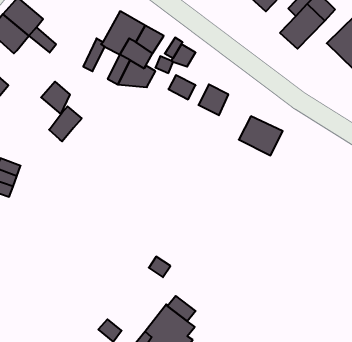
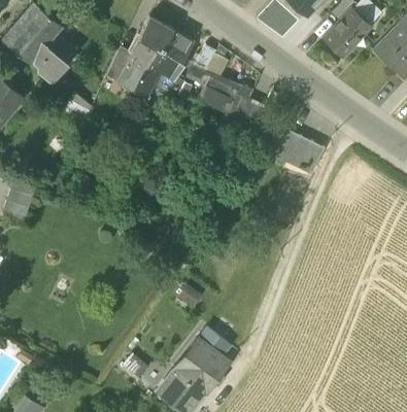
building: none -> [32,42,68,78]
building: none -> [115,55,145,90]
building: [49,106,82,141] -> none

